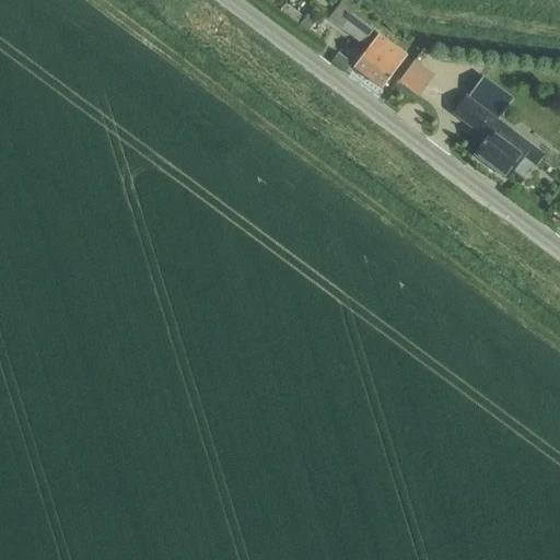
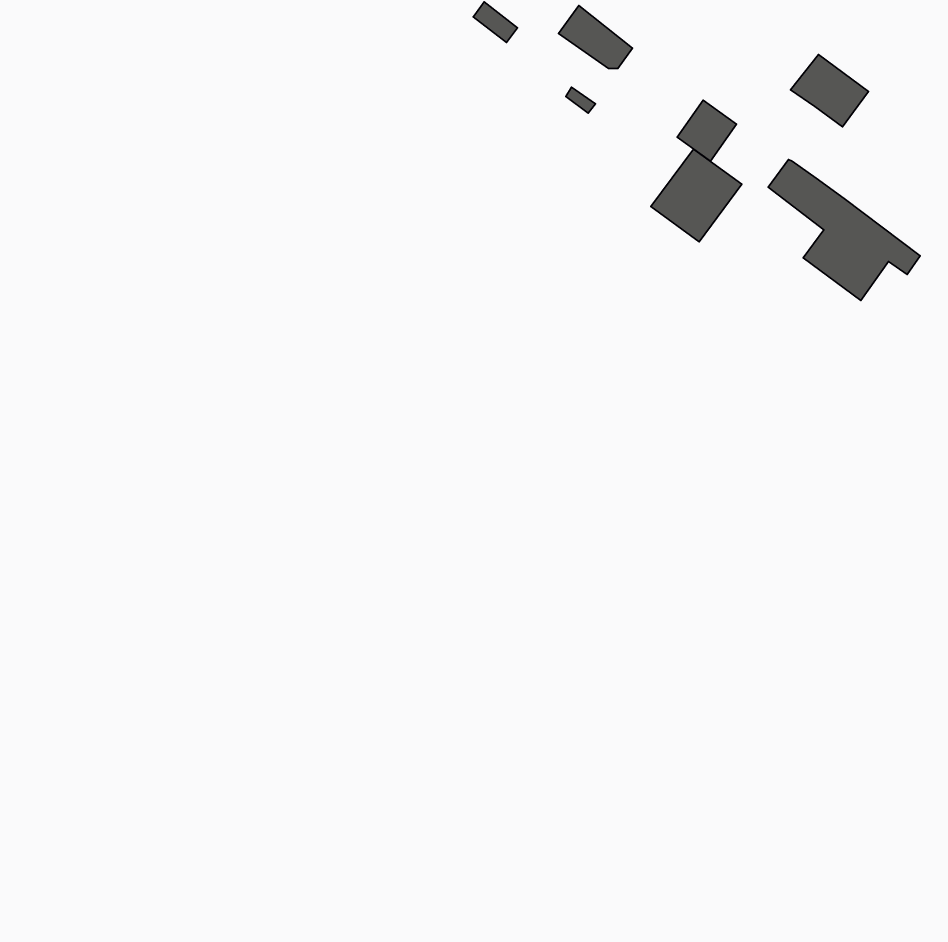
building: [353,32,407,86] -> [651,149,742,242]
building: [467,74,513,117] -> [791,54,869,127]

